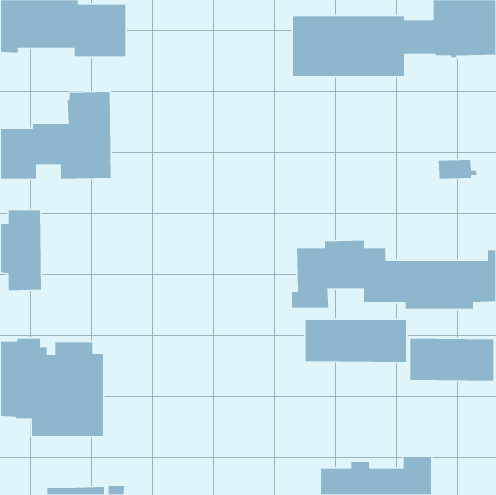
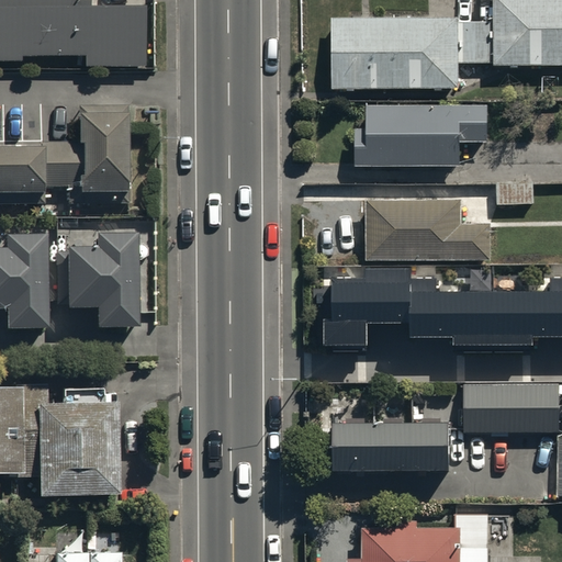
building: none -> [352,103,486,165]
building: none -> [364,198,490,260]
building: none -> [58,236,137,328]
building: [305,319,407,363] -> [333,420,448,470]

